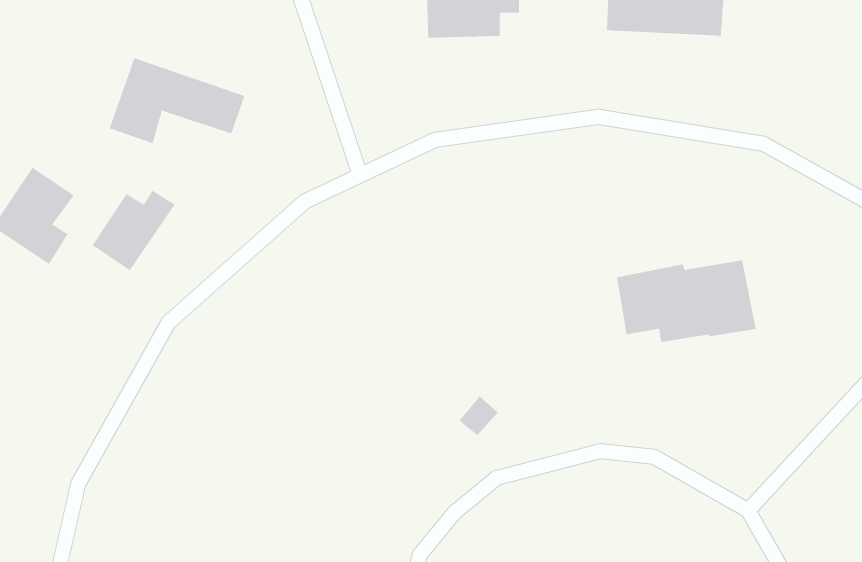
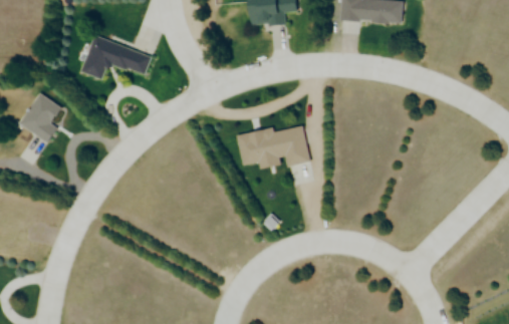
building: [92,190,176,271] -> none
building: [616,260,756,343] -> [237,126,310,170]

